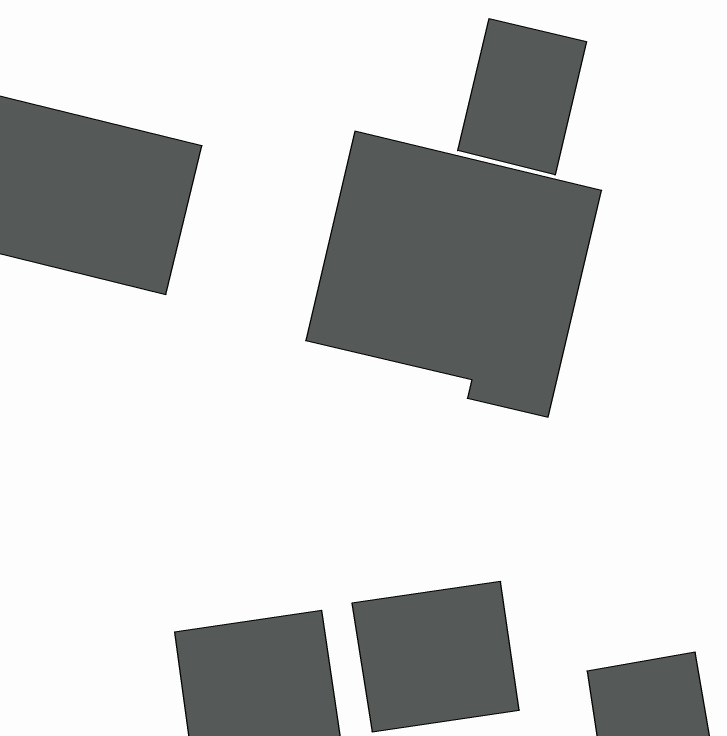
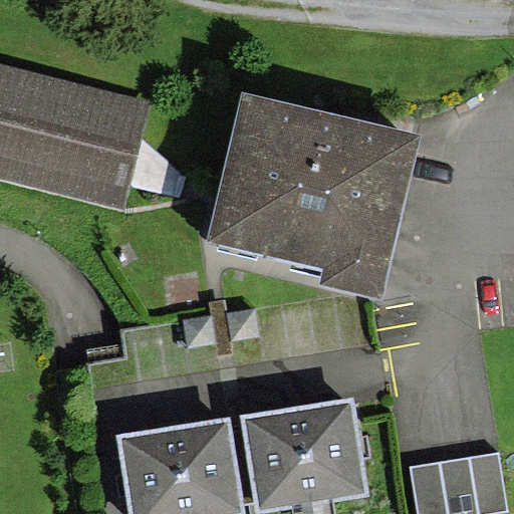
building: [458,19,586,175] -> none

